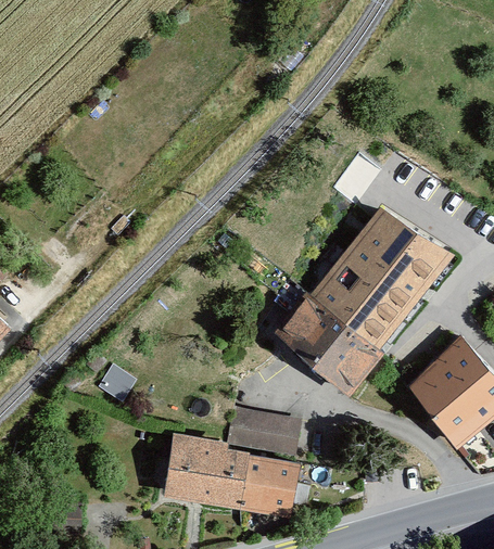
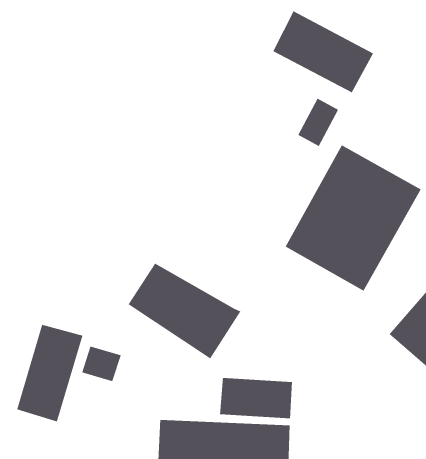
building: none -> [272,10,374,93]
building: [281,290,390,390] -> [127,263,242,360]
building: none -> [16,324,84,423]

